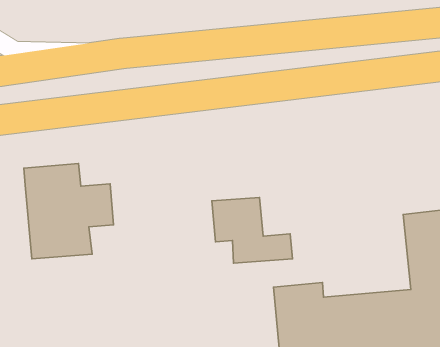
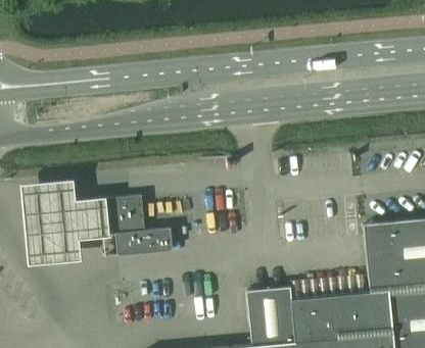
building: [212,198,293,263] -> [100,195,173,254]

